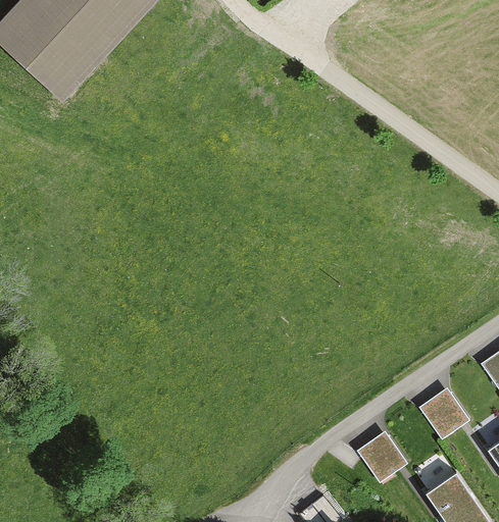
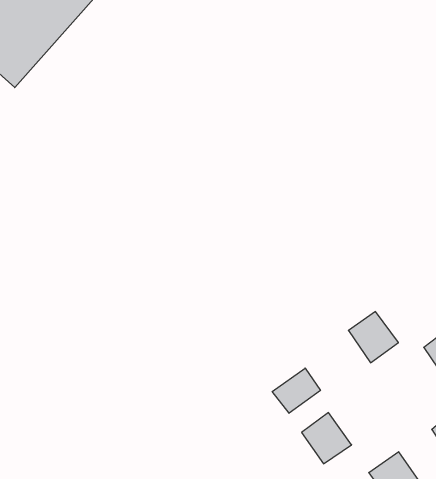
building: none -> [272,368,320,413]
building: [418,386,469,438] -> [348,312,398,363]

